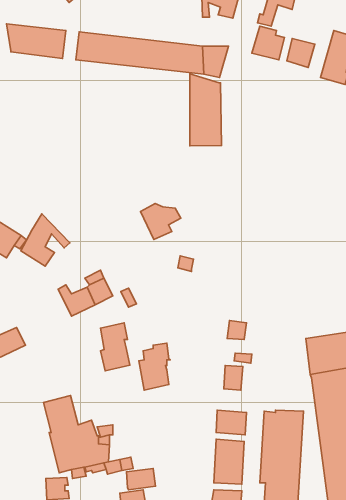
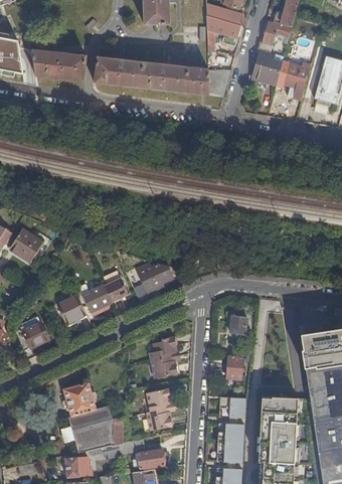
building: [190,74,221,146] -> none
building: [140,204,181,239] -> [136,261,172,293]
building: [21,214,70,266] -> none
building: none -> [57,295,87,324]
building: [101,323,130,371] -> [148,387,174,431]

